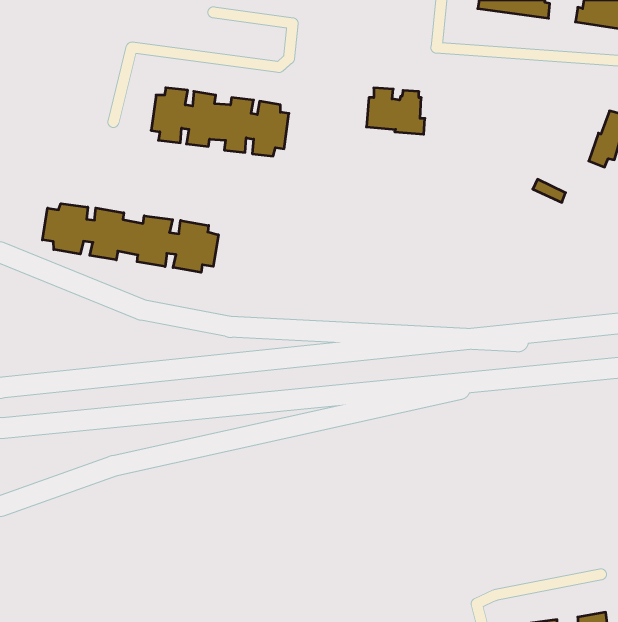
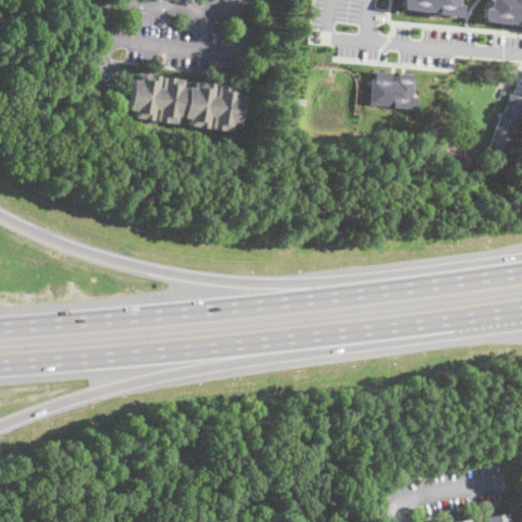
building: [366,88,425,134] -> [371,70,420,109]
building: [42,204,218,272] -> none

